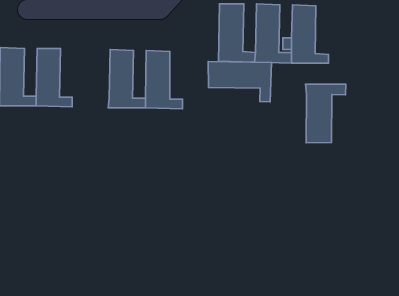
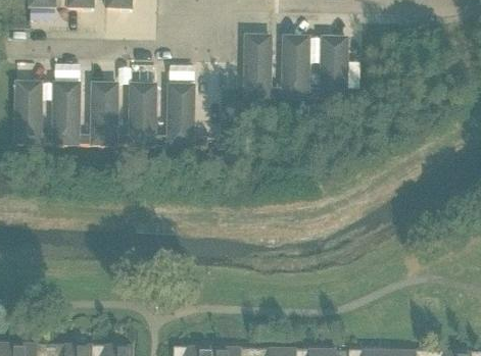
building: none -> [91,83,130,144]
building: [208,62,272,102] -> none
building: [306,84,346,143] -> none

